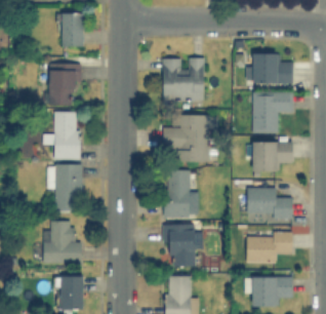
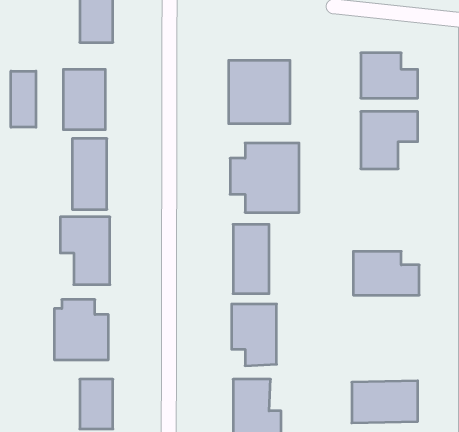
building: none -> [11,71,36,127]
building: [252,142,291,173] -> none
building: [246,233,292,263] -> none

